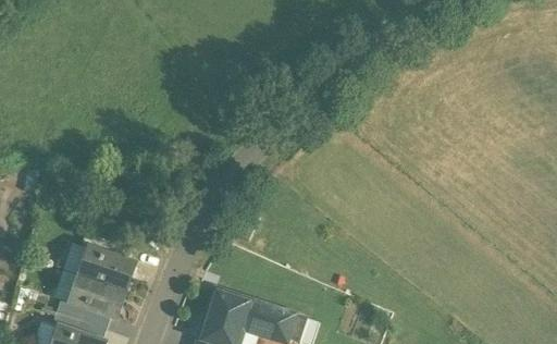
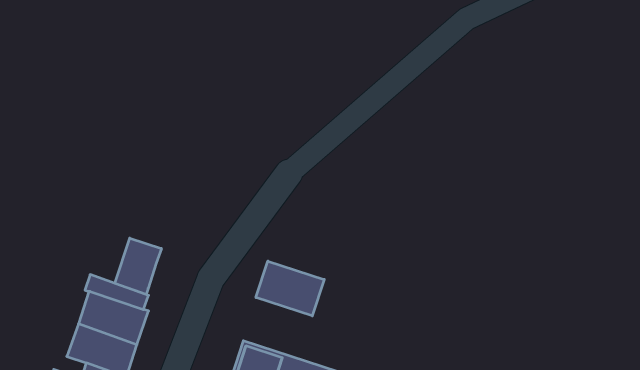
building: none -> [115,238,161,294]
building: none -> [256,261,324,316]

